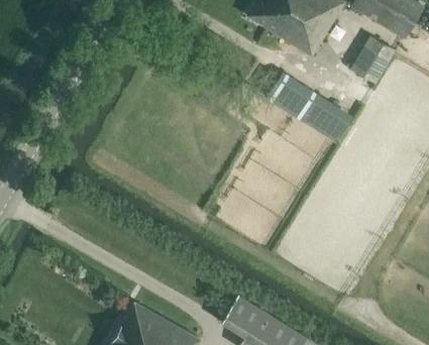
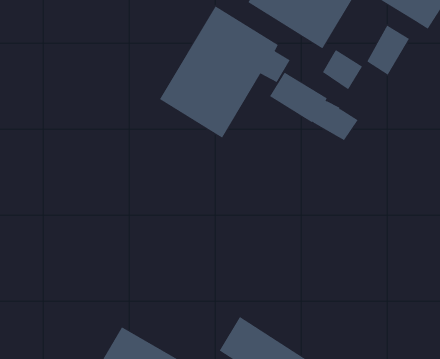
building: none -> [159,5,291,138]
building: none -> [322,49,363,90]

